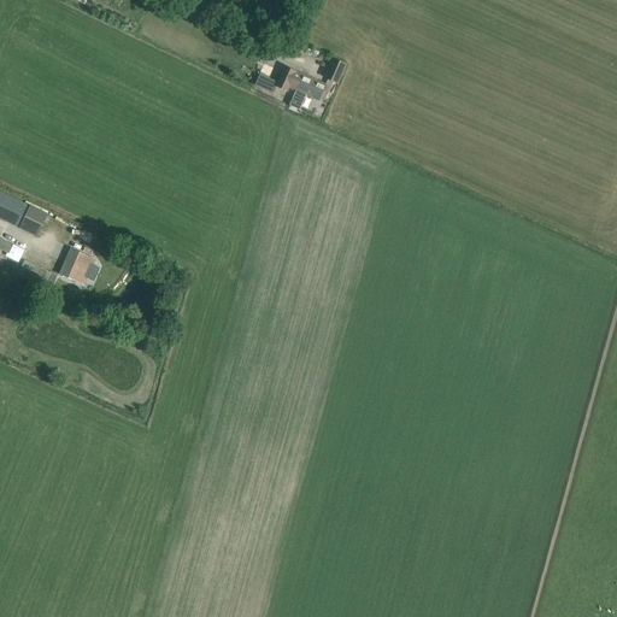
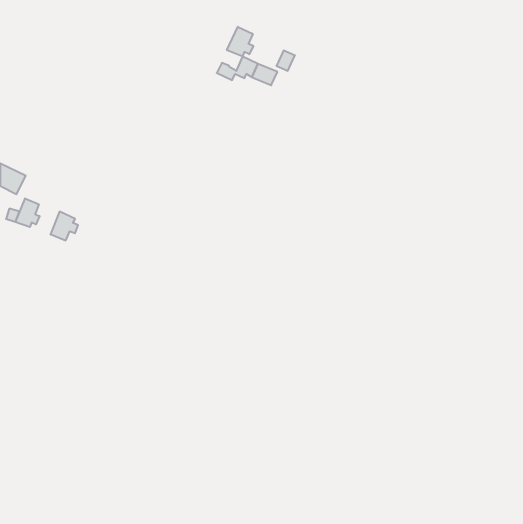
building: none -> [227,27,253,57]
building: none -> [15,198,40,227]

